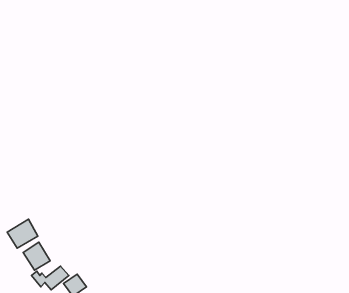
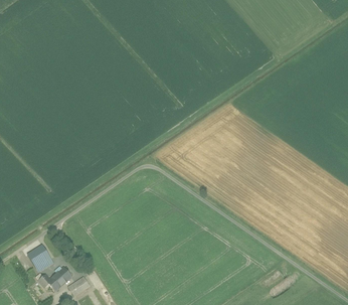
building: [7,219,38,248] -> none

